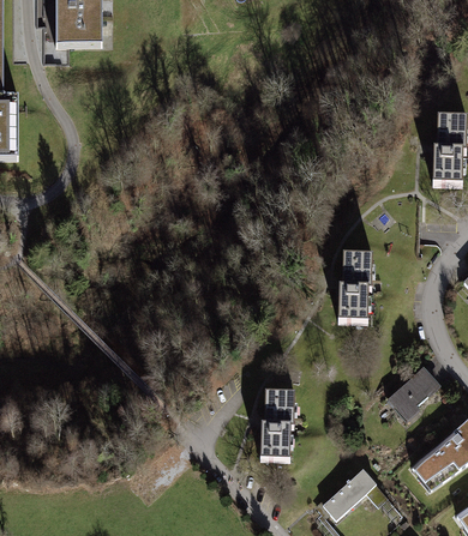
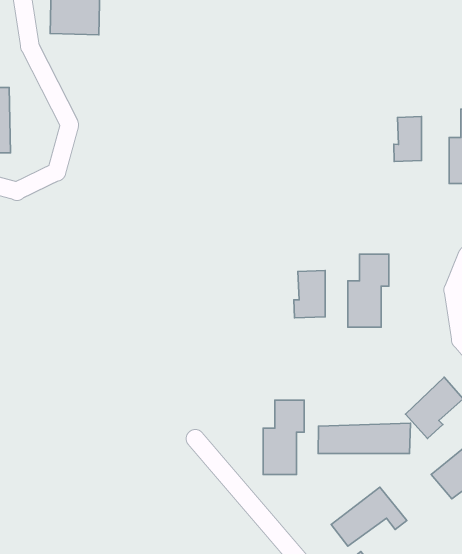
building: none -> [394,116,422,161]
building: none -> [294,270,325,318]
building: none -> [318,423,410,454]

